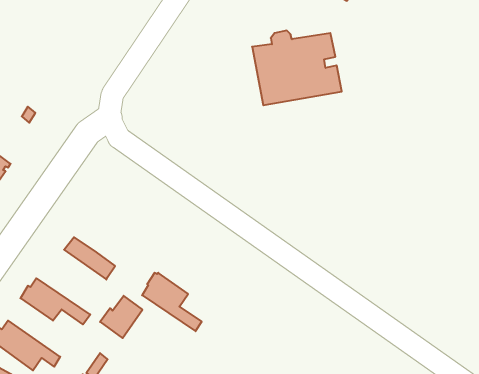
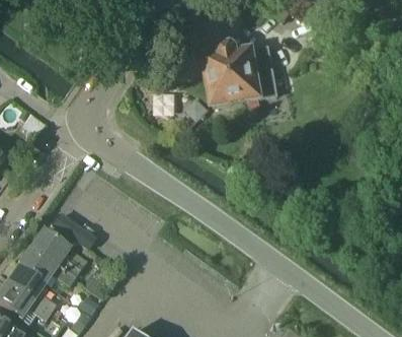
building: [142,273,202,331] -> [30,227,79,275]
building: none -> [7,262,56,310]

